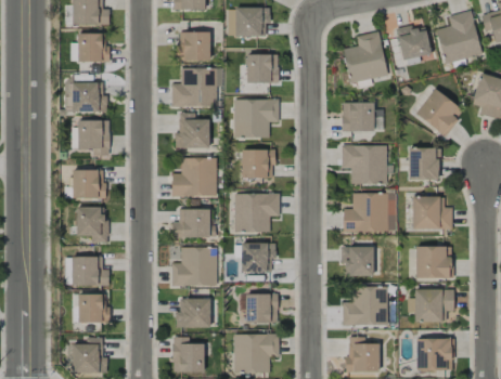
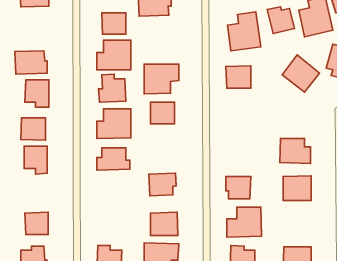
building: [78,32,108,63] -> none
building: [246,54,279,83] -> none
building: [342,145,387,184] -> none
building: [409,147,440,181] -> none
building: [343,193,397,232] -> none
building: [234,194,280,232] -> none
building: [171,247,218,286] -> none
building: [72,257,110,286] -> none
building: [408,289,454,323] -> none
building: [176,298,210,328] -> none

